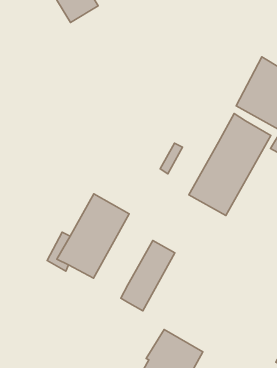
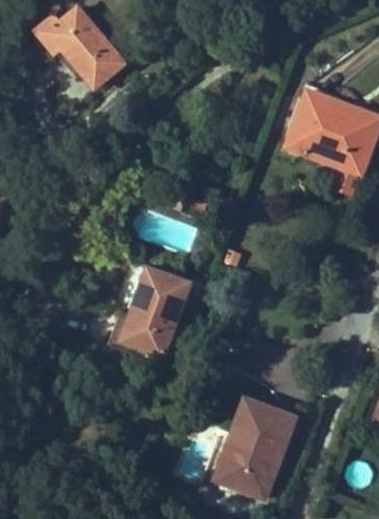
building: [189,113,271,215] -> none
building: [121,240,175,311] -> none

